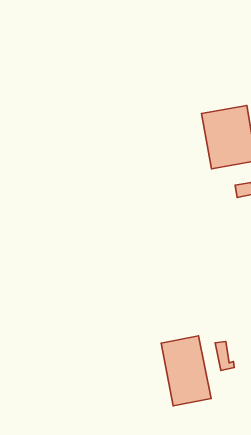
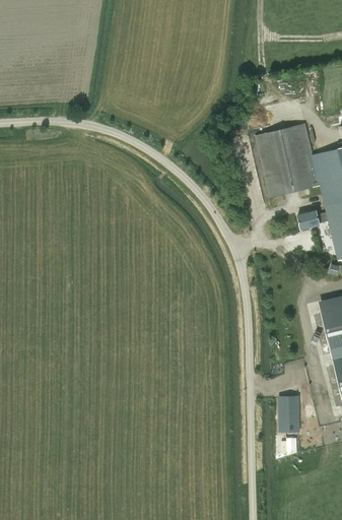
building: [161,336,211,406] -> none

